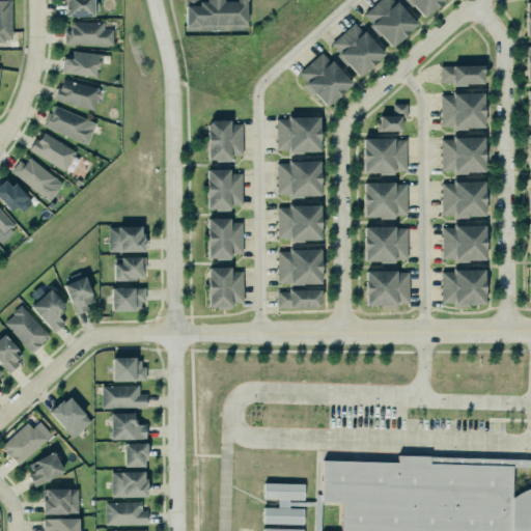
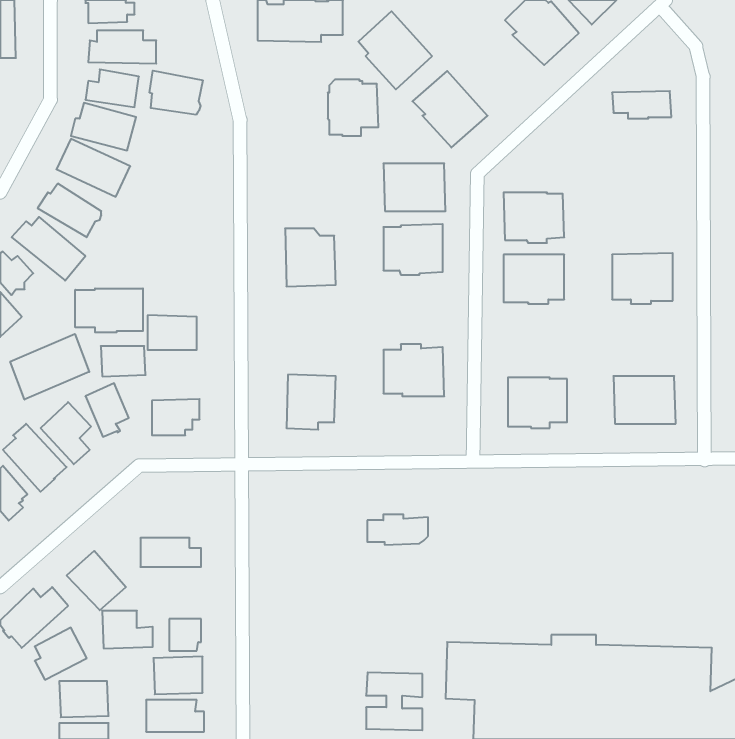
building: [333,22,386,78] -> [358,11,432,89]
building: none -> [150,71,203,115]
building: [442,93,484,130] -> none
building: [378,103,408,132] -> none
building: [207,120,244,161] -> [328,80,378,136]
building: [442,138,485,174] -> none
building: [277,205,322,242] -> none
building: none -> [75,288,143,332]
building: [207,218,244,260] -> none
building: [365,227,408,262] -> none
building: [443,227,485,262] -> none
building: none -> [10,334,89,400]
building: [115,258,147,280] -> [101,346,146,376]
building: [278,287,322,309] -> [367,514,428,545]
building: [114,358,146,381] -> none
building: [112,413,148,440] -> [102,611,153,648]

